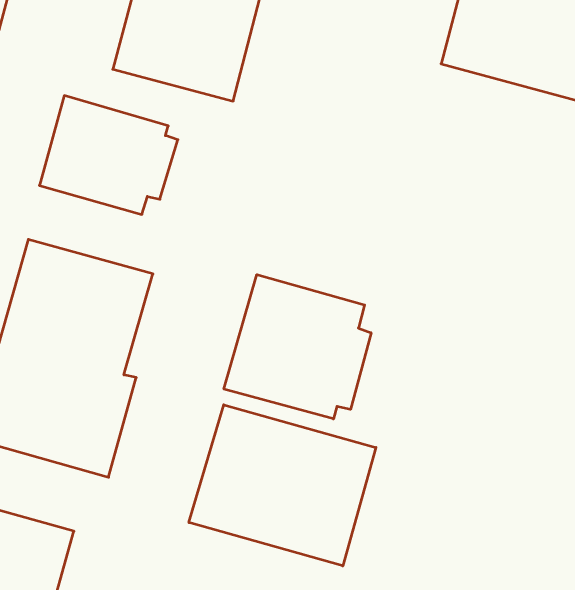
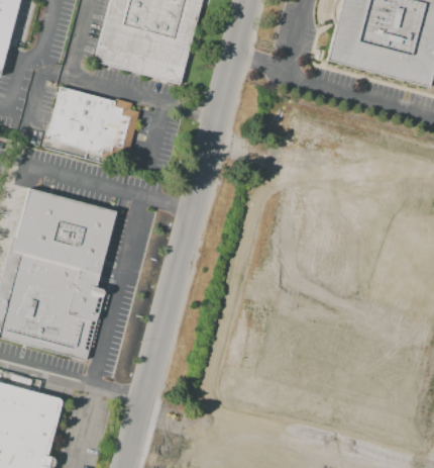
building: [224,275,371,419] -> none
building: [189,405,376,566] -> none

